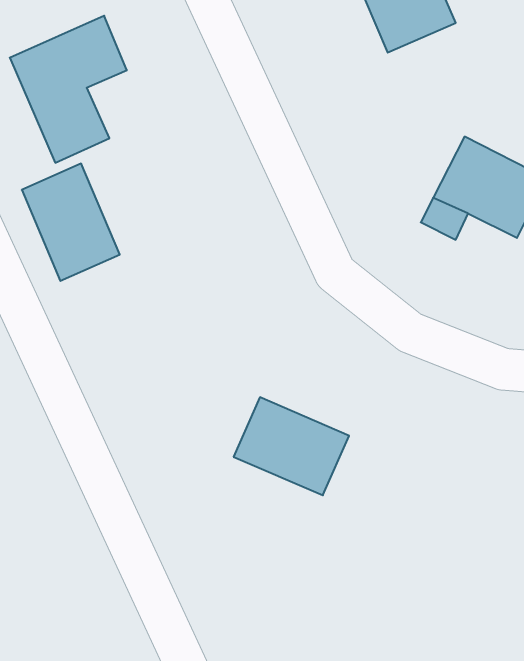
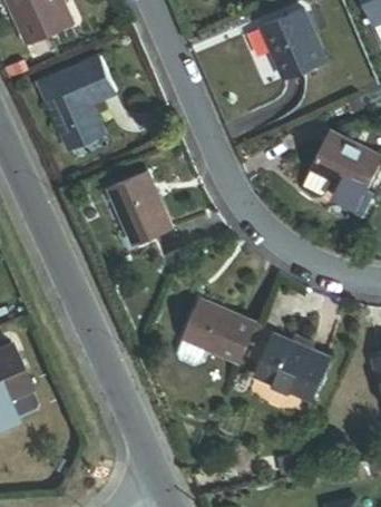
building: [22,164,120,281] -> [109,172,172,246]
building: none -> [256,334,329,400]

